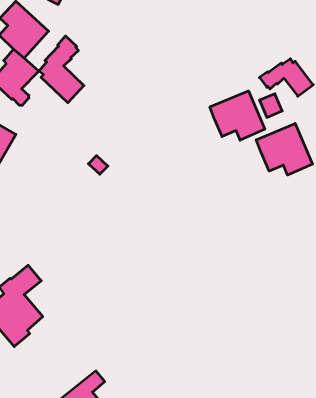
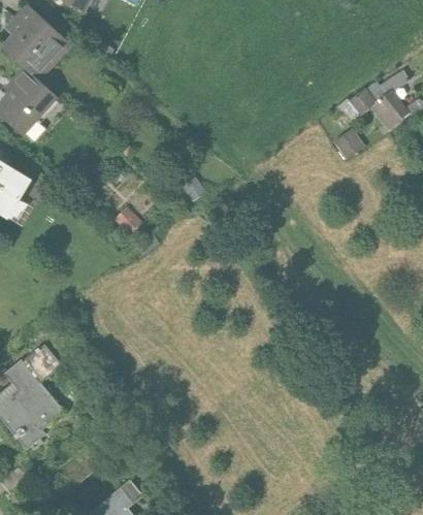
building: [39,36,84,103] -> none
building: [210,91,265,140] -> none
building: [256,123,313,175] -> none

